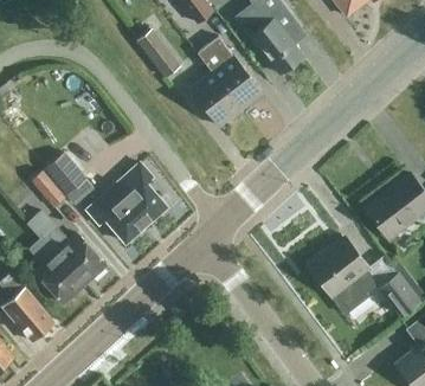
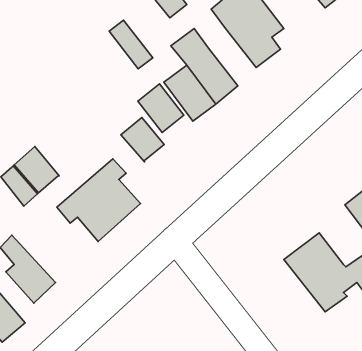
building: none -> [138,84,184,133]
building: none -> [121,118,164,162]
building: [41,226,107,284] -> none

